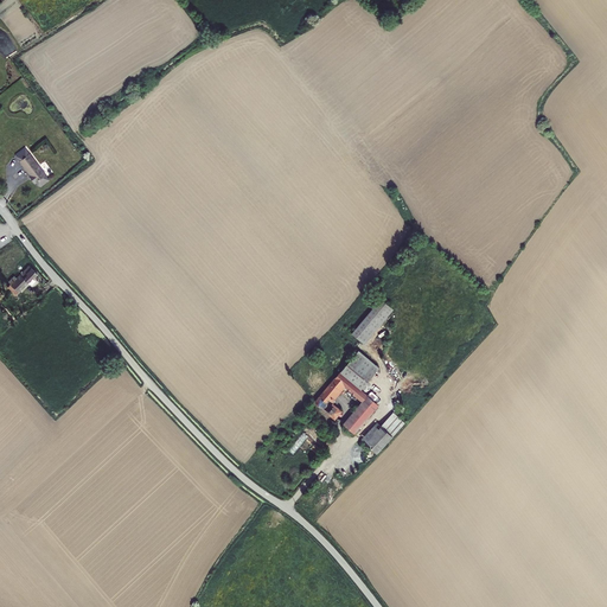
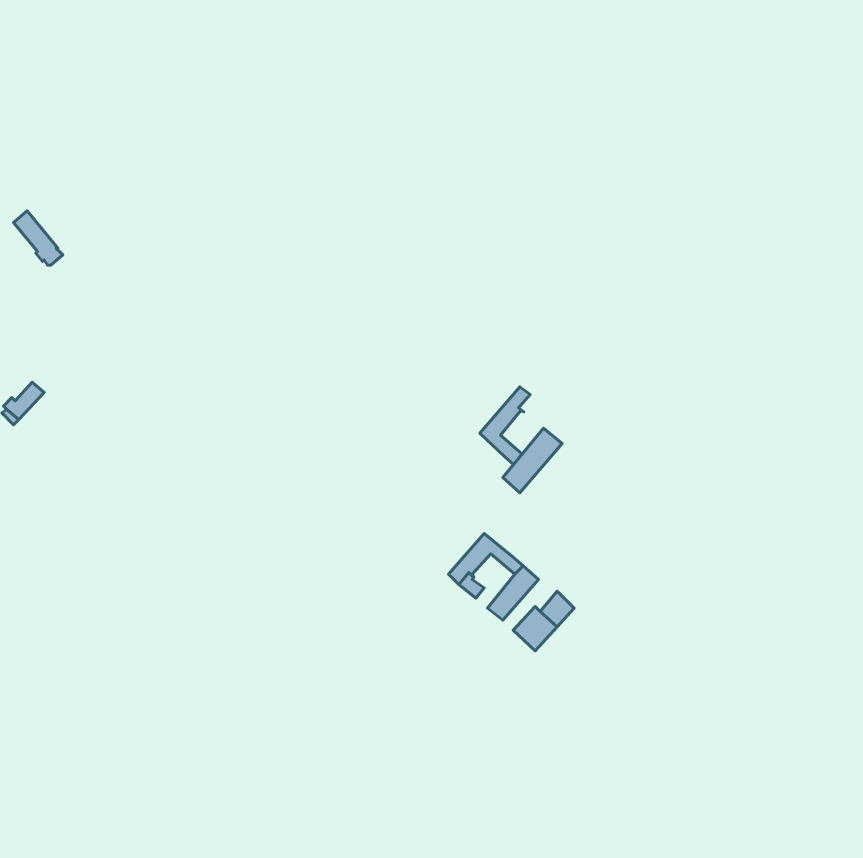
building: none -> [480,387,530,465]
building: [341,351,379,389] -> none

